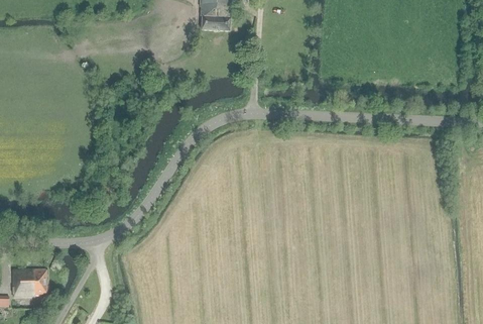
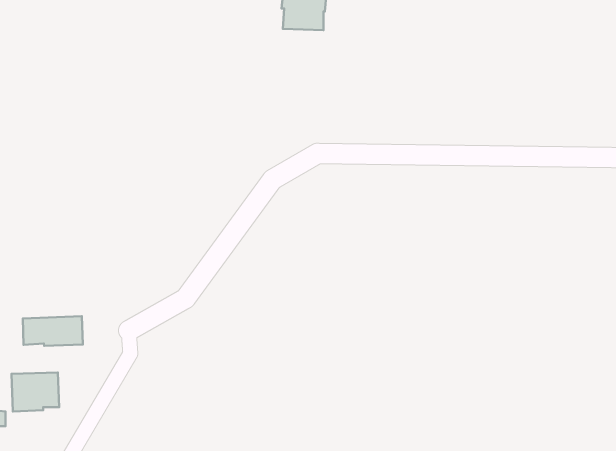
building: none -> [23,316,83,346]

